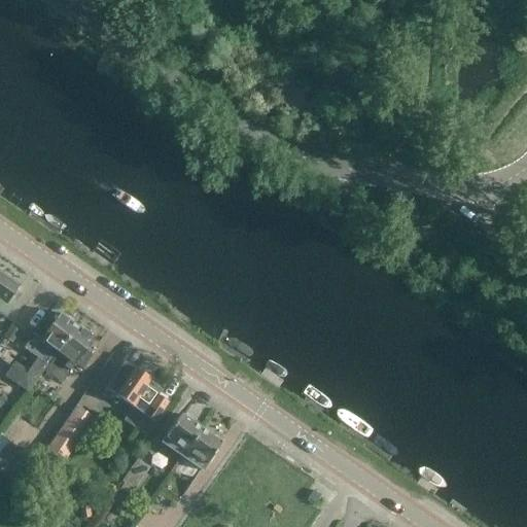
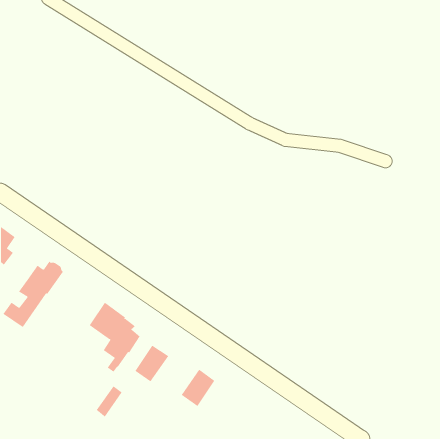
building: [45,324,96,381] -> none
building: [47,402,98,457] -> none
building: [181,425,222,470] -> [181,369,215,407]

